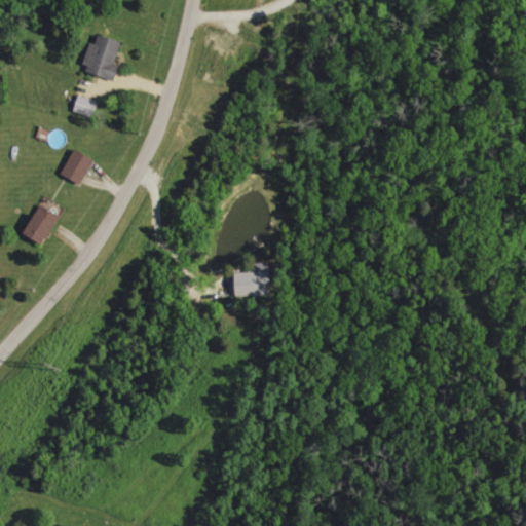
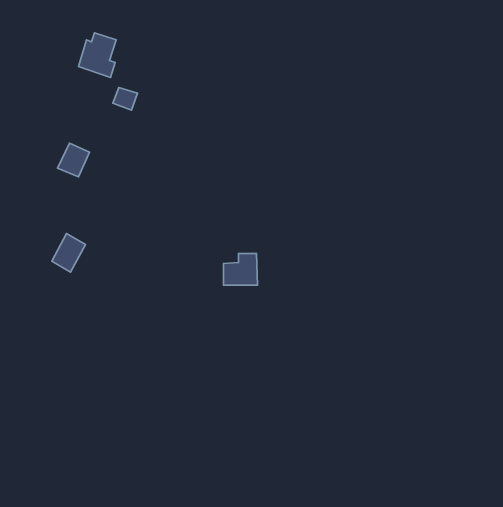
building: [71,96,97,119] -> [113,87,138,110]
building: [24,204,59,245] -> [52,233,85,272]

